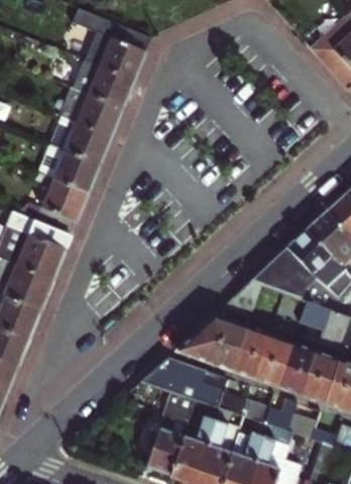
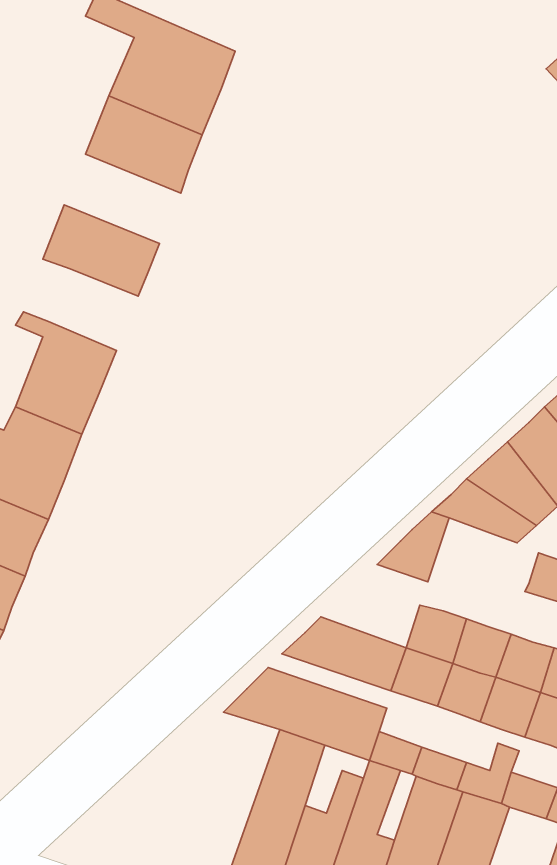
building: [61,92,121,138] -> none
building: [52,152,99,194] -> none
building: [194,315,245,349] -> none

